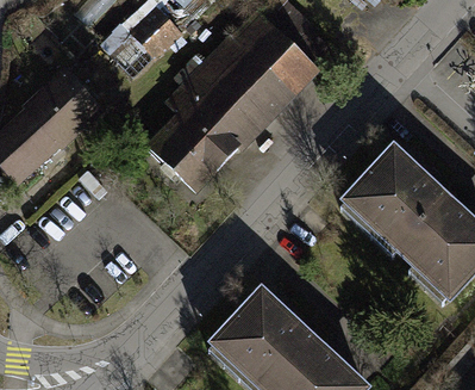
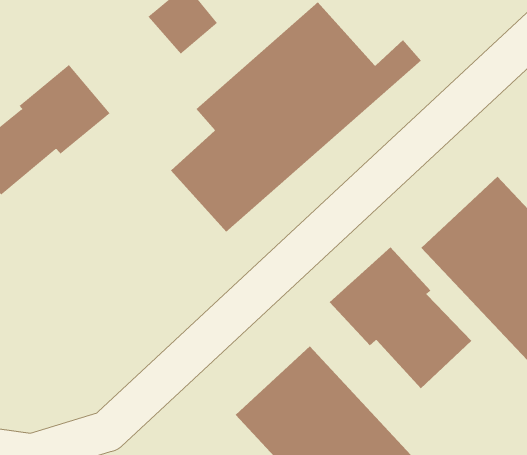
building: none -> [329,247,472,389]

